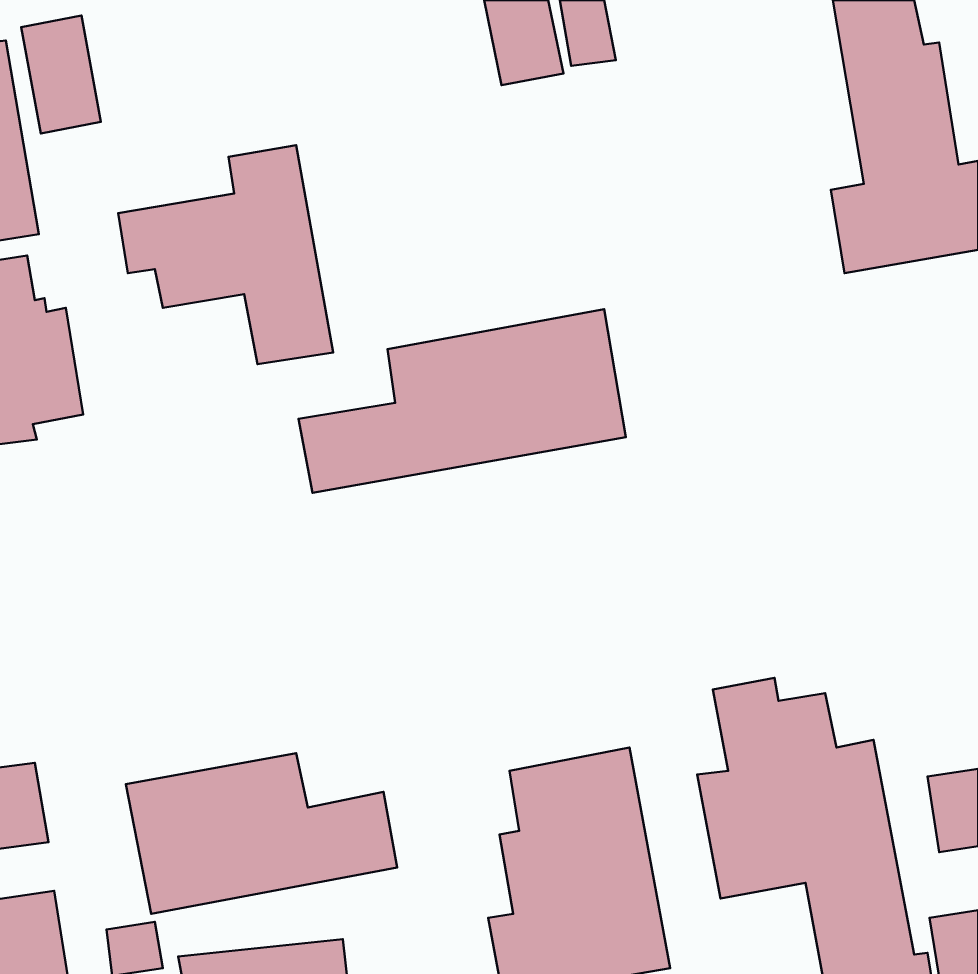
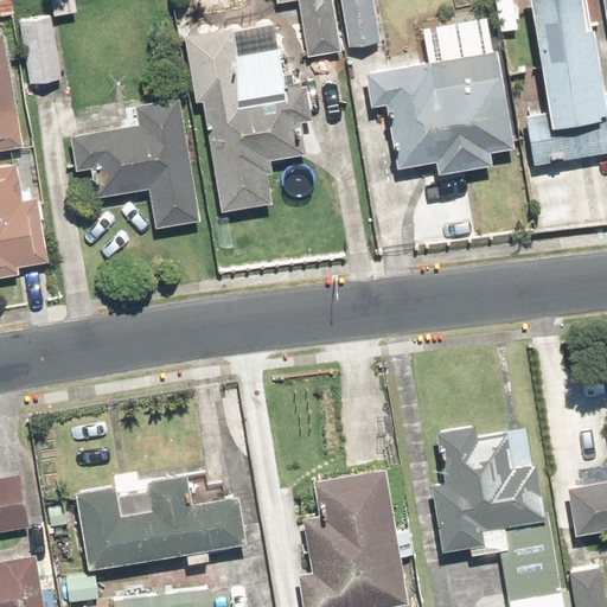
building: none -> [186,21,313,209]
building: none -> [353,26,503,183]
building: [298,309,626,493] -> none

